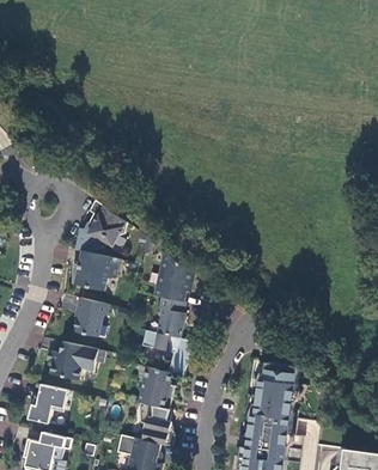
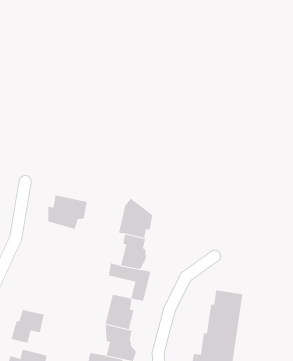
building: [85,200,126,245] -> none
building: [73,298,108,336] -> none
building: [44,341,97,379] -> none

